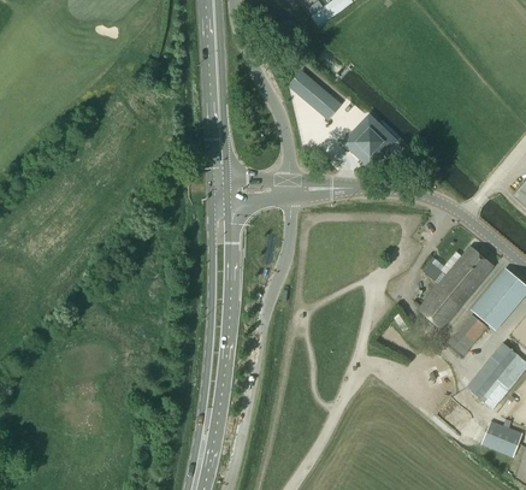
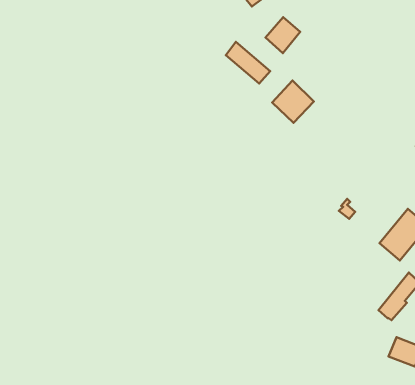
building: none -> [266,17,300,53]
building: [419,247,492,326] -> none
building: [445,313,487,358] -> none

